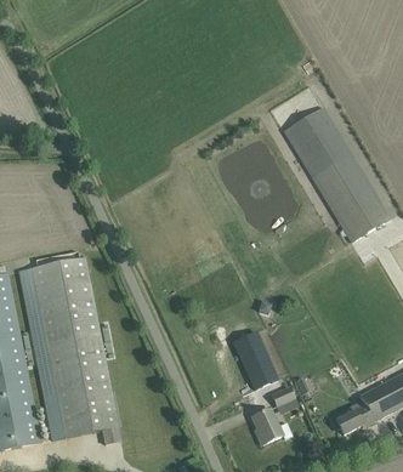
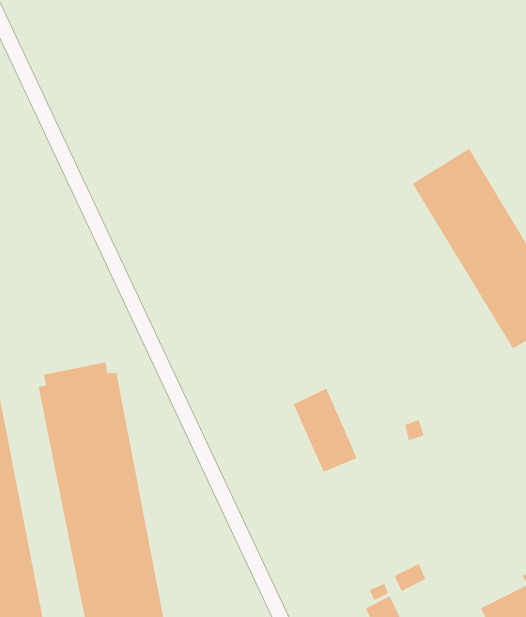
building: [233,334,277,391] -> [293,388,357,472]

